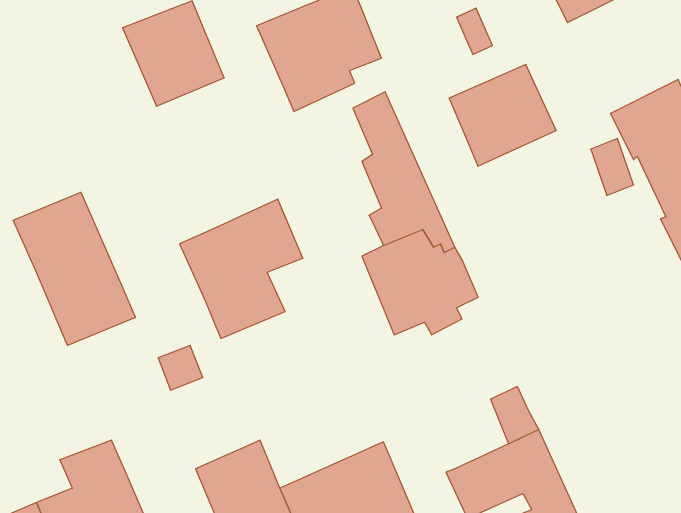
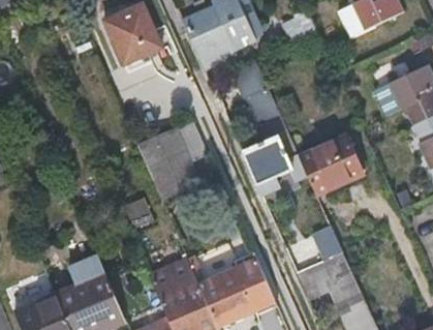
building: [449,64,556,166] -> [300,134,362,193]
building: [13,192,135,346] -> none

